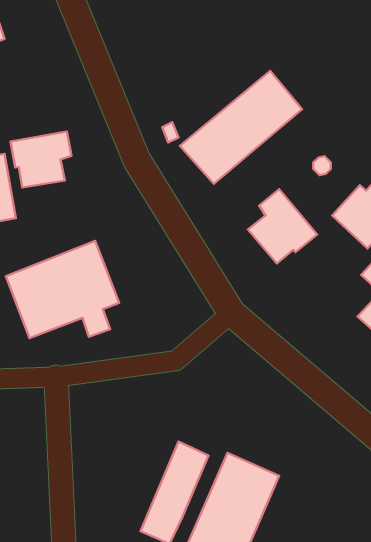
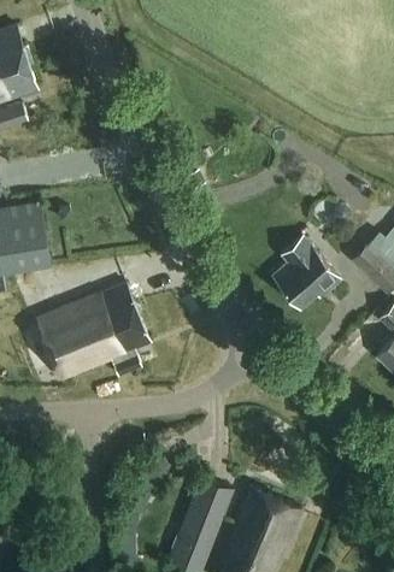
building: [180,71,302,184] -> none
building: [11,131,71,188] -> none

